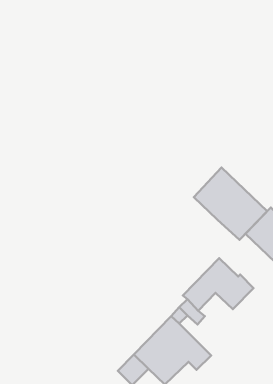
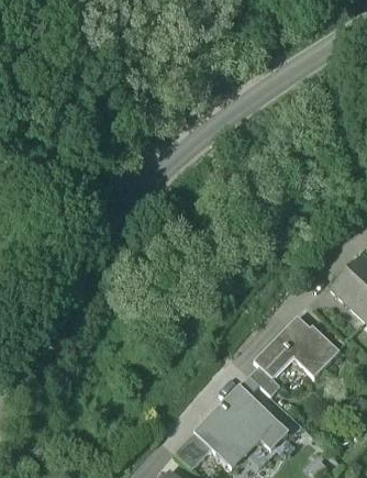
building: [194,168,267,240] -> none

